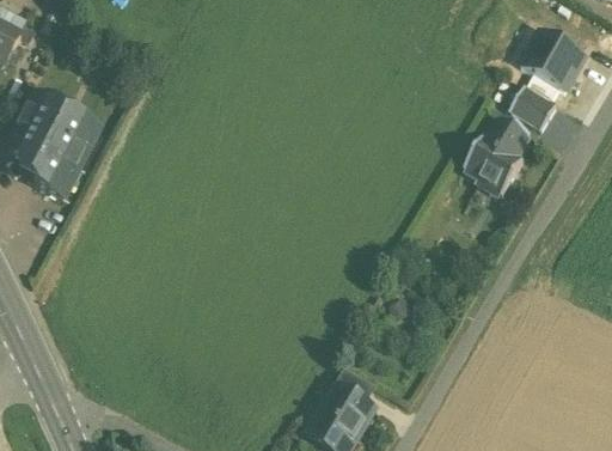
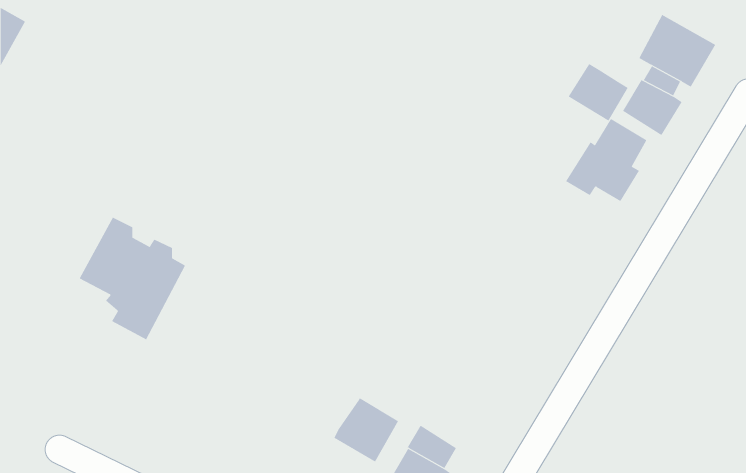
building: none -> [568,63,629,122]
building: [8,98,96,199] -> [79,217,186,340]
building: none -> [333,397,399,463]

